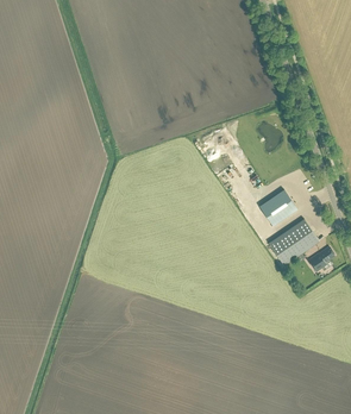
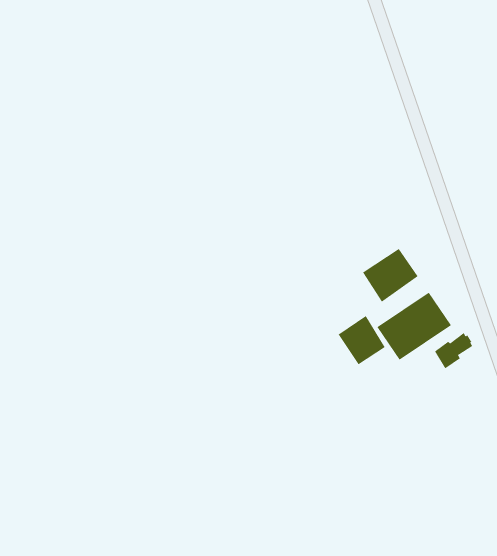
building: none -> [338,315,386,365]

